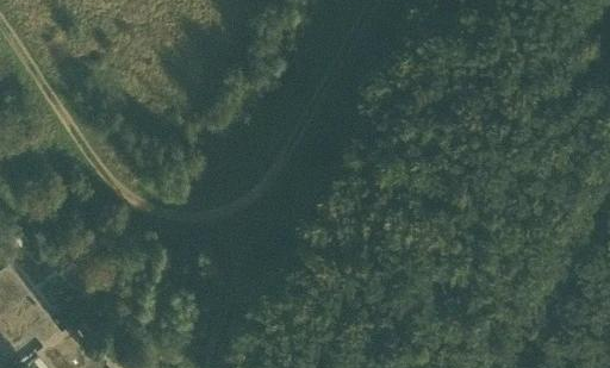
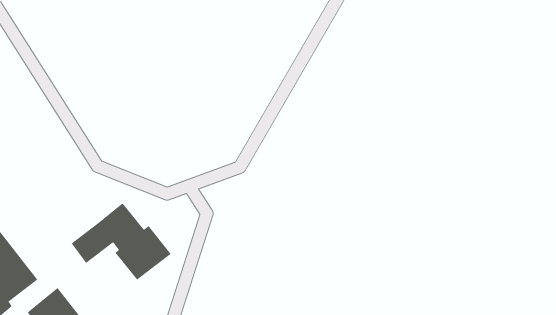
building: none -> [71,203,172,280]

